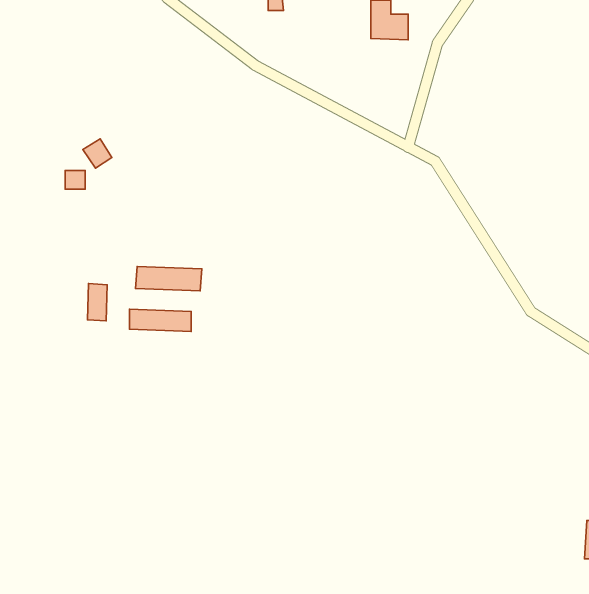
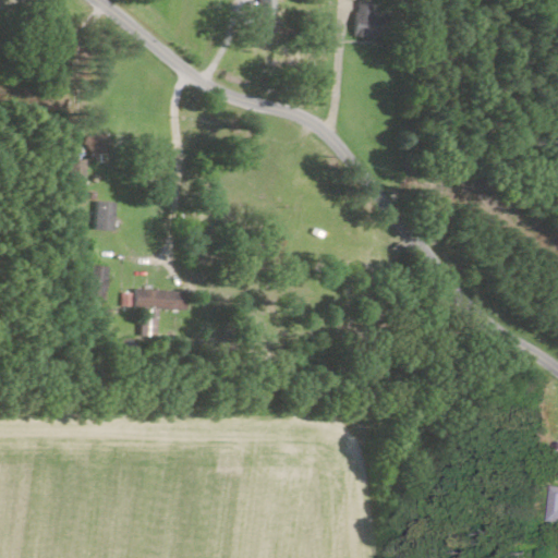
building: none -> [94,199,117,230]
building: [136,266,202,291] -> none

